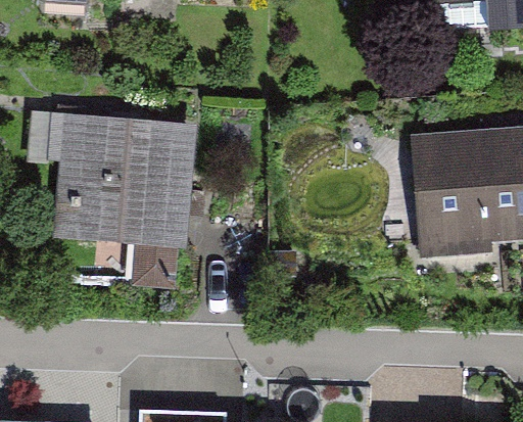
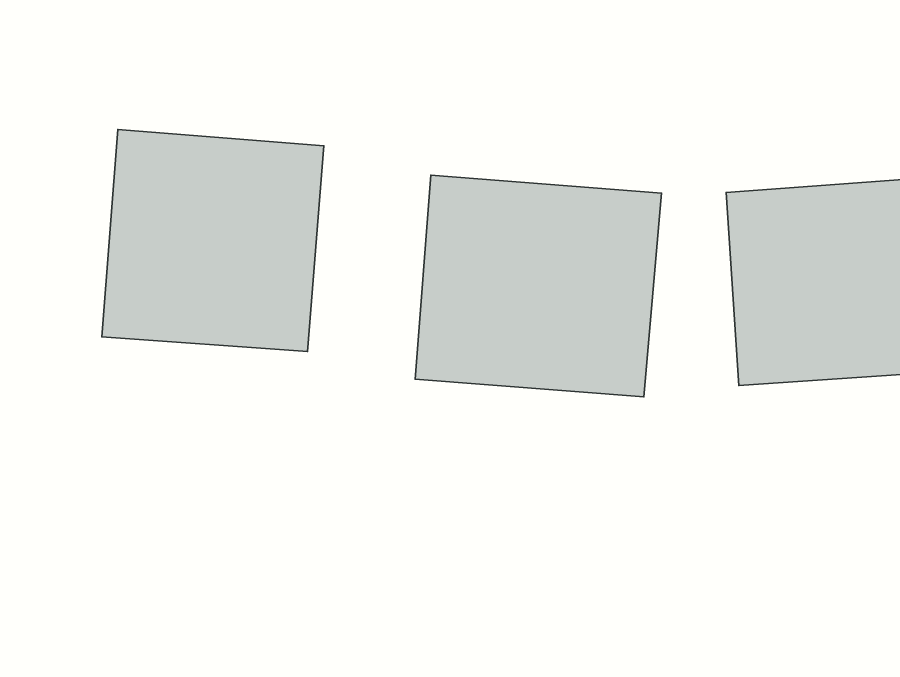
building: none -> [415,175,662,397]

